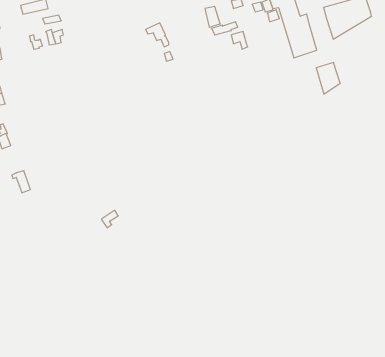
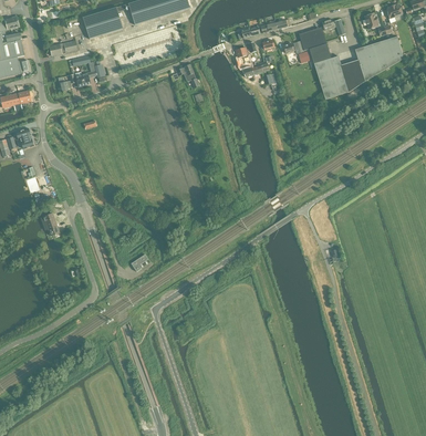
building: [316,62,340,94] -> [340,60,364,92]

